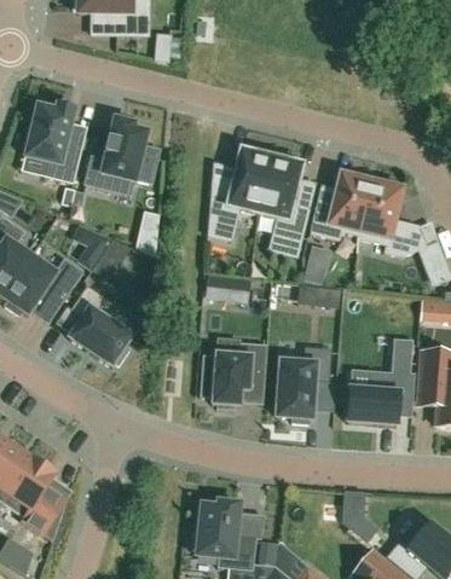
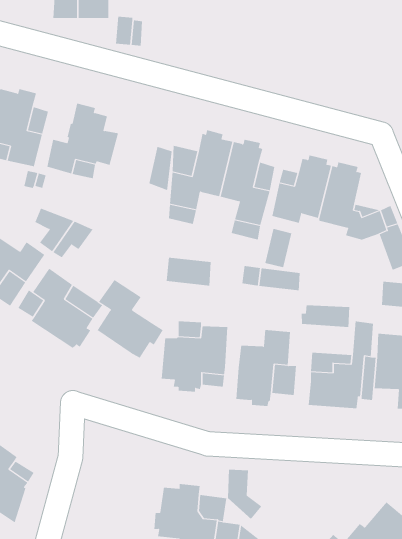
building: [135,210,160,255] -> [149,146,173,191]
building: none -> [97,279,164,358]
building: none -> [301,305,350,328]
building: [343,491,378,542] -> [227,469,262,520]

